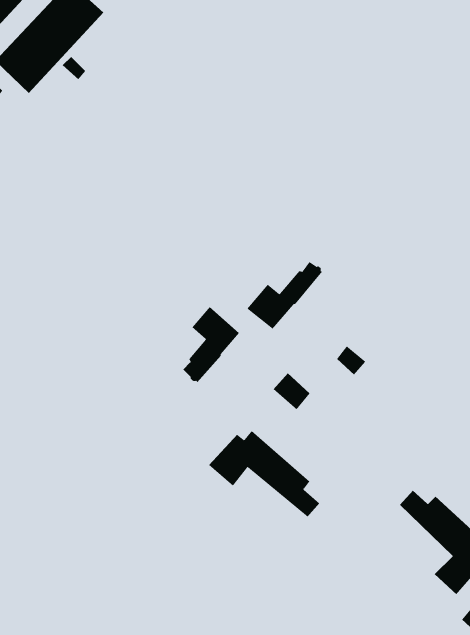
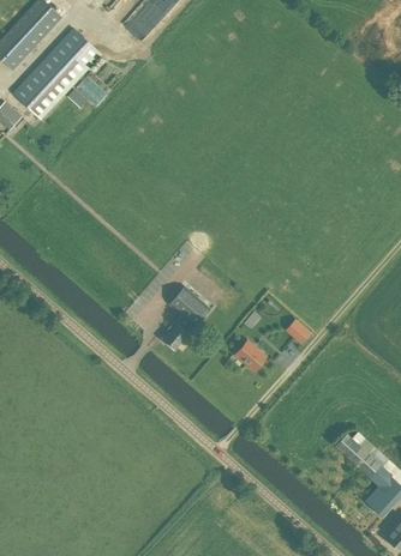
building: [246,261,323,330] -> none
building: [208,430,320,517] -> none

